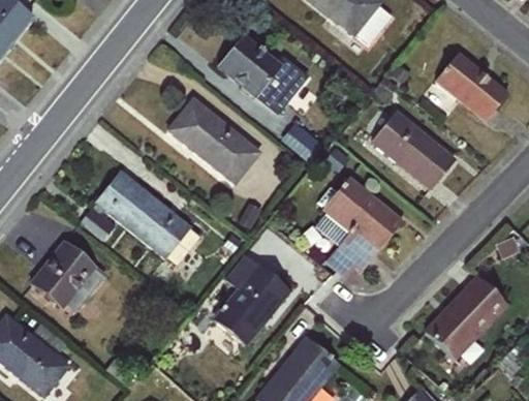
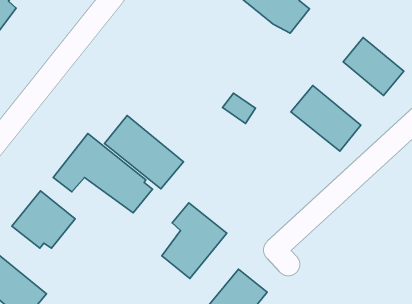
building: [215,34,309,116] -> none
building: [164,96,261,186] -> [104,116,184,189]
building: [314,176,404,273] -> none
building: [423,275,508,362] -> none

